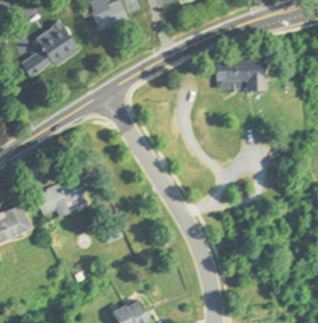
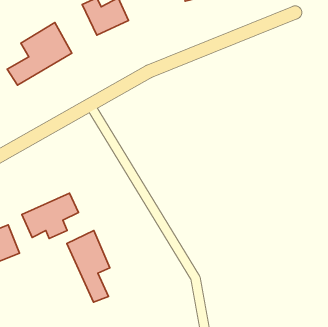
building: [217,60,267,90] -> none
building: none -> [67,231,110,302]

